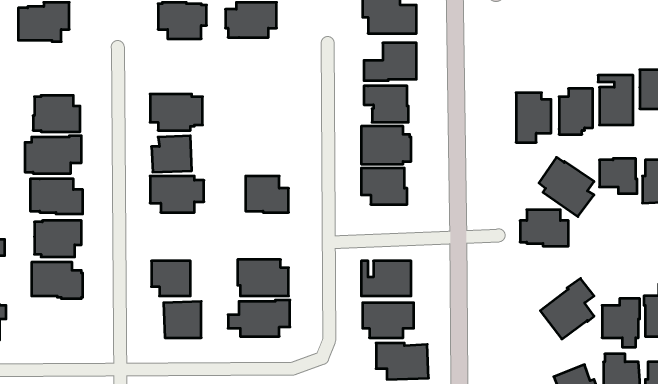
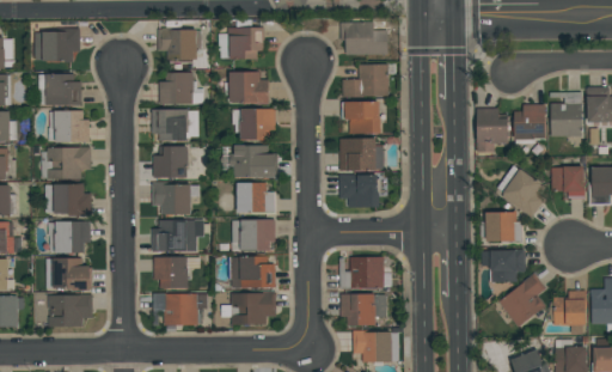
building: none -> [228,72,268,104]
building: none -> [37,73,80,106]
building: none -> [158,73,203,104]
building: none -> [231,109,274,140]
building: none -> [228,145,277,178]
building: none -> [231,219,274,251]
building: none -> [157,220,202,252]
building: none -> [481,249,524,282]
building: none -> [48,294,91,327]

